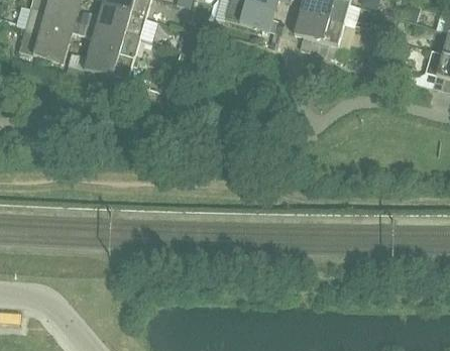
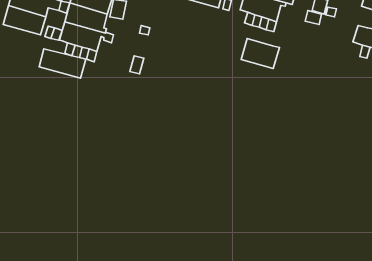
building: none -> [241,38,279,69]
building: none -> [39,49,86,78]

